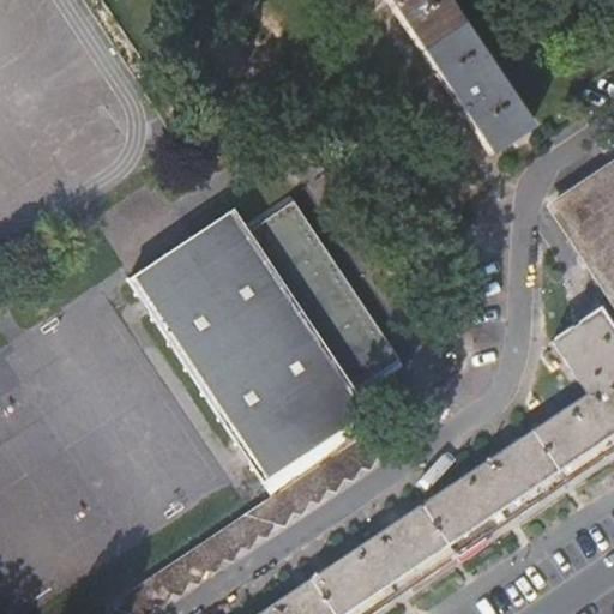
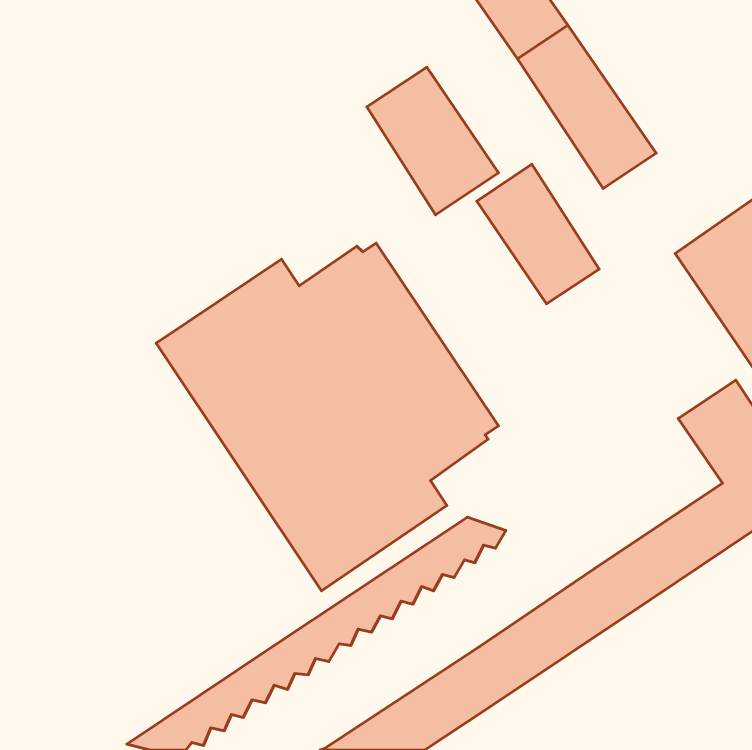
building: none -> [367,67,498,215]
building: none -> [477,164,599,304]

